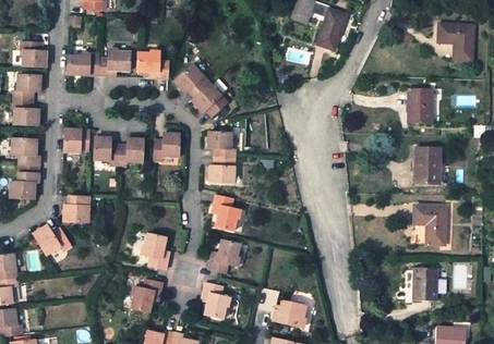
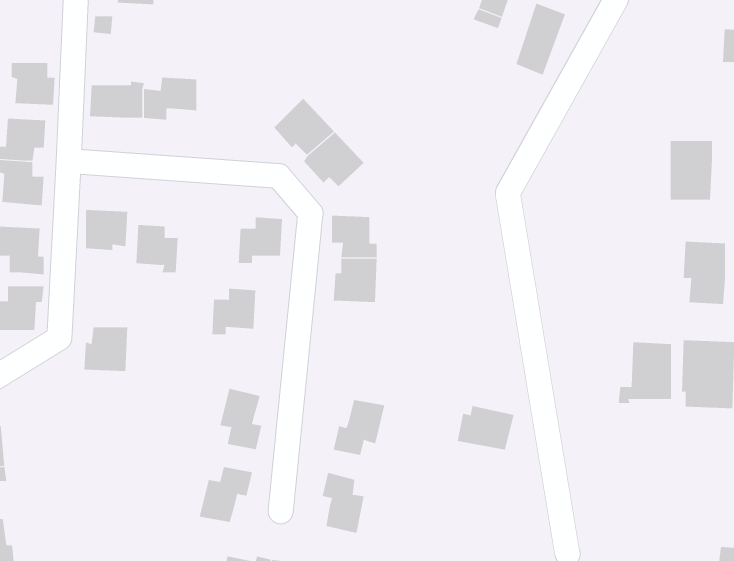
building: [136,52,169,78] -> none
building: [118,138,144,165] -> [211,288,256,335]
building: [213,195,238,231] -> none
building: [33,225,71,256] -> none
building: [405,267,436,303] -> [618,342,672,403]
building: [273,300,306,327] -> [457,406,515,450]

